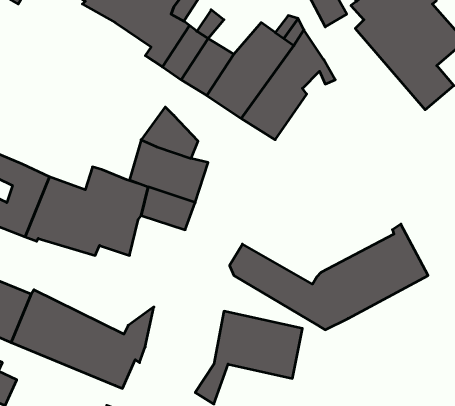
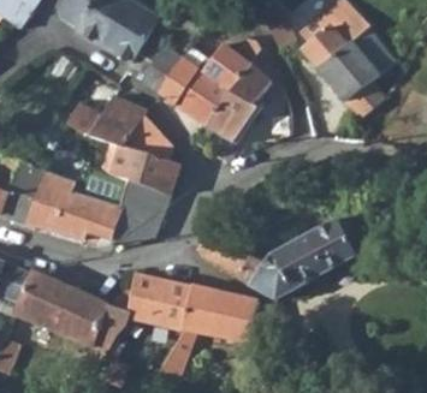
building: none -> [67,96,148,143]
building: none -> [113,207,160,245]
building: none -> [126,274,192,332]

